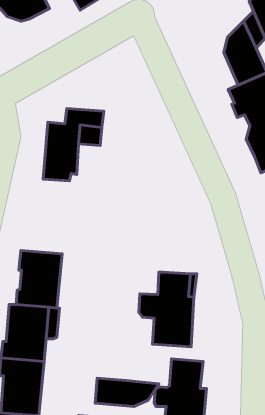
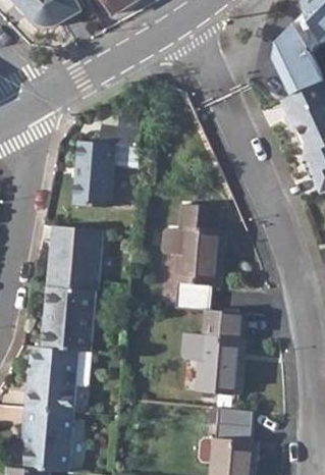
building: none -> [156,205,219,309]
building: none -> [47,224,102,288]
building: [95,378,159,406] -> none

